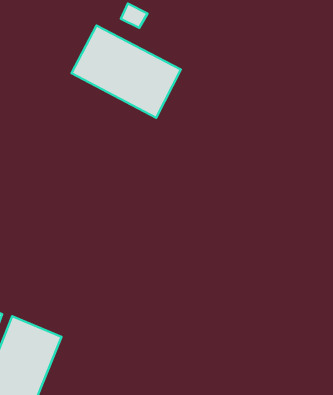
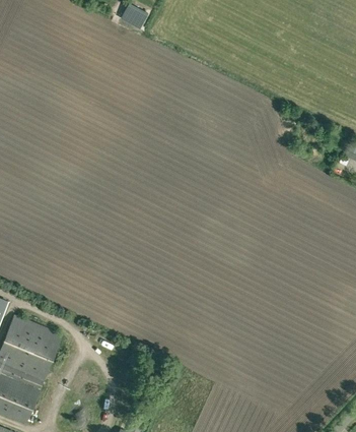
building: [71,26,181,118] -> none

